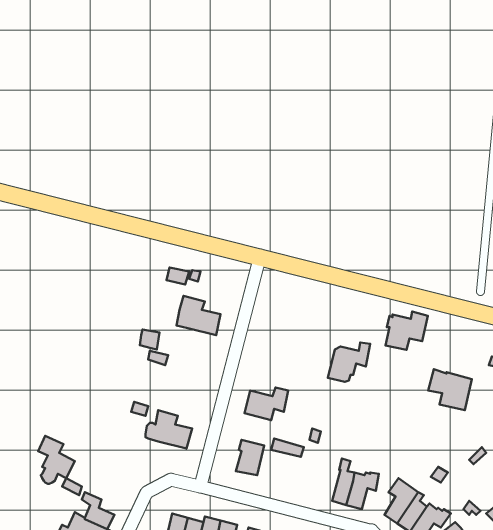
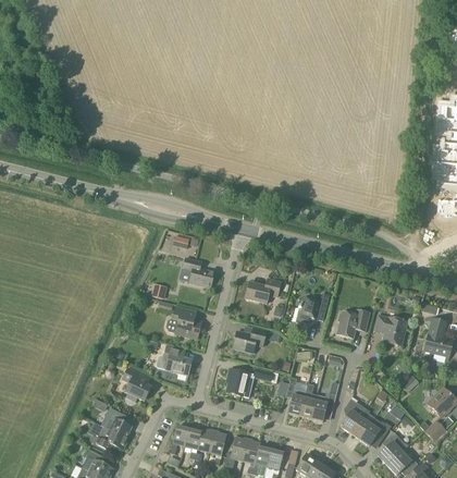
building: [385,312,428,350] -> [336,308,369,338]
building: none -> [245,278,281,303]
building: none -> [165,306,201,339]
building: [38,436,75,484] -> [122,367,150,404]
building: none -> [285,376,306,415]

